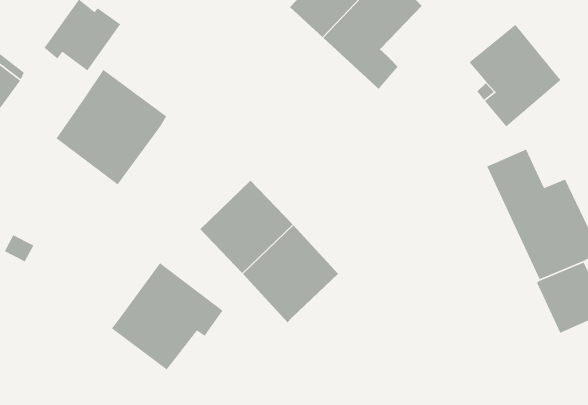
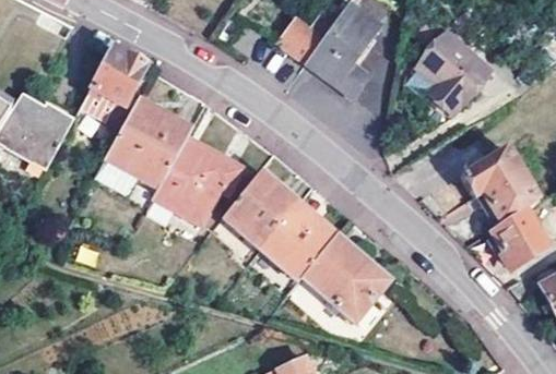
building: none -> [82,92,138,128]
building: [111,262,224,371] -> [156,141,241,224]
building: none -> [306,239,390,321]

